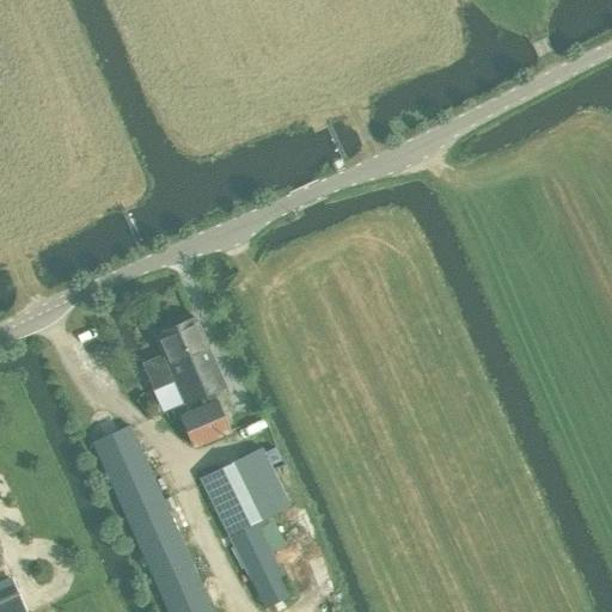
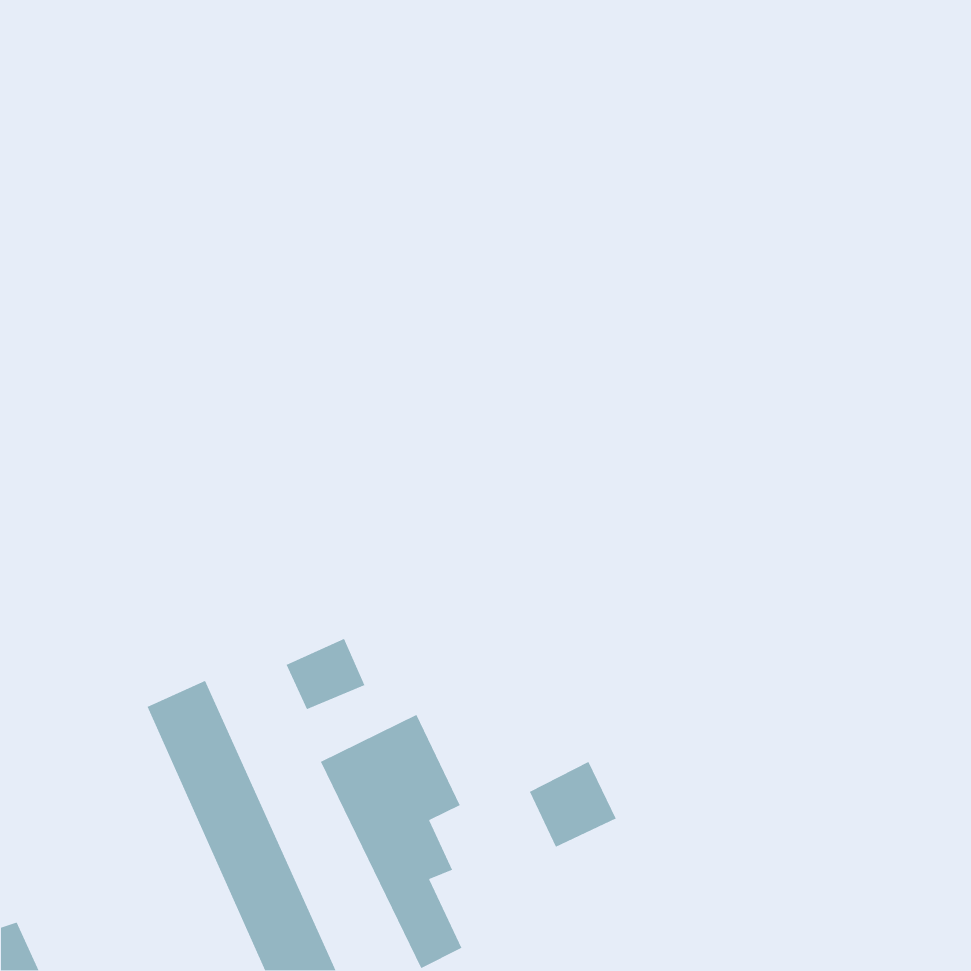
building: [143,318,226,404] -> none
building: none -> [529,761,617,848]

